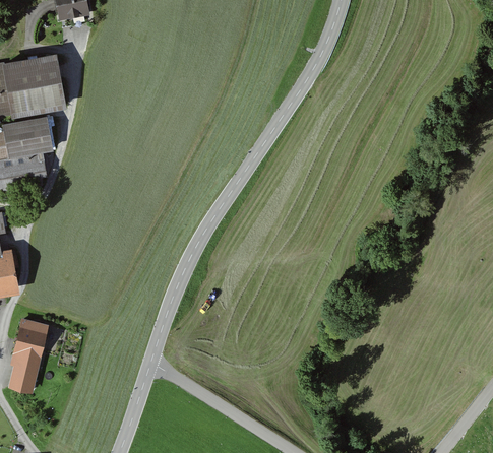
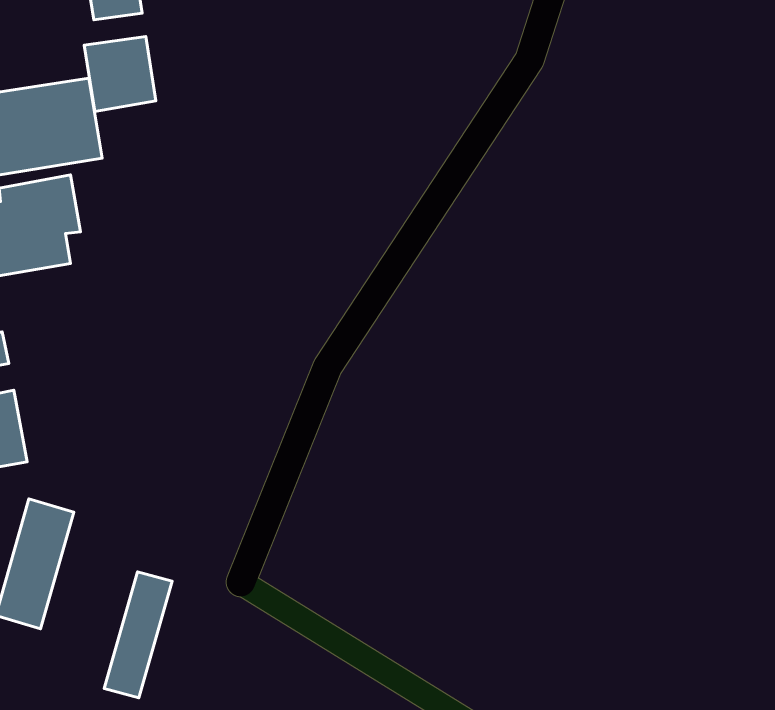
building: none -> [84,36,156,111]
building: none -> [104,572,172,698]

